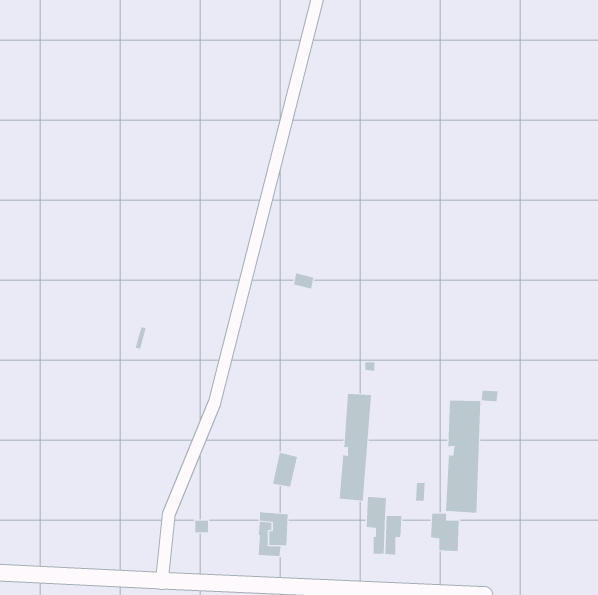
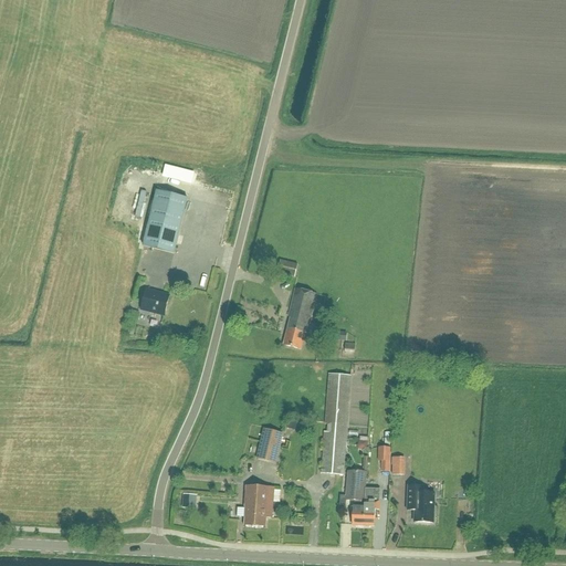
building: none -> [142,189,186,251]
building: none -> [282,286,315,347]
building: none -> [140,287,169,314]
building: [445,400,481,513] -> none

